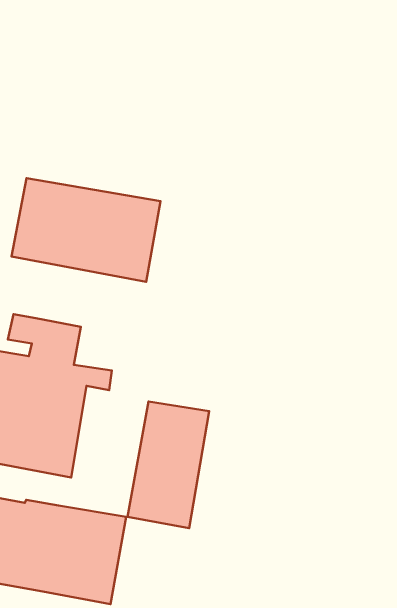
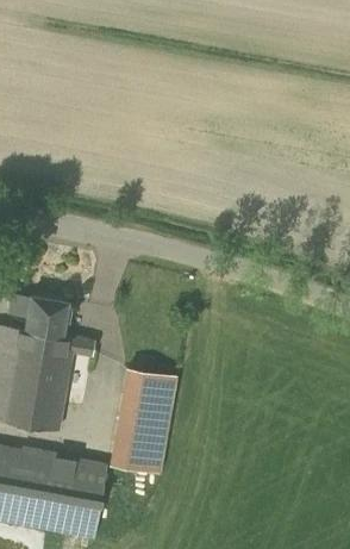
building: [11,178,160,282] -> none

